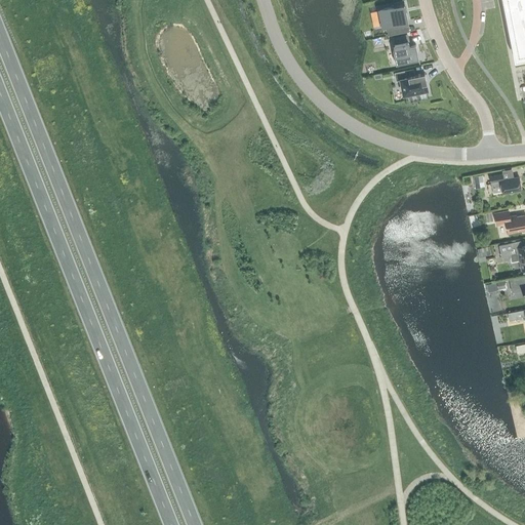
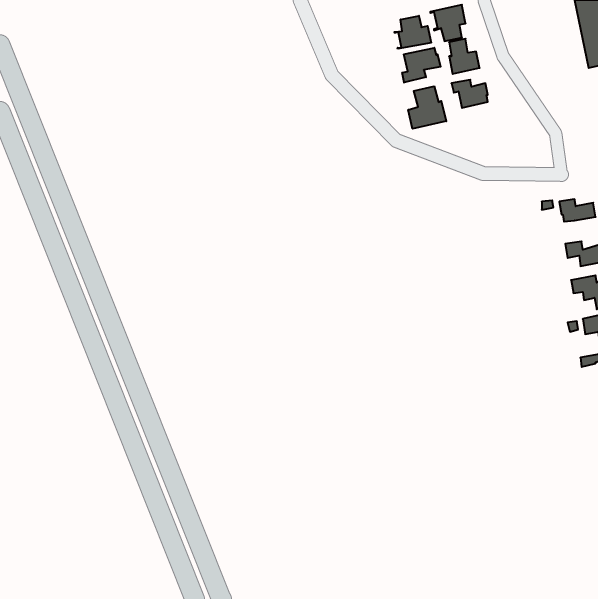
building: none -> [394,16,431,49]
building: none -> [402,48,441,83]
building: none -> [408,86,446,129]

